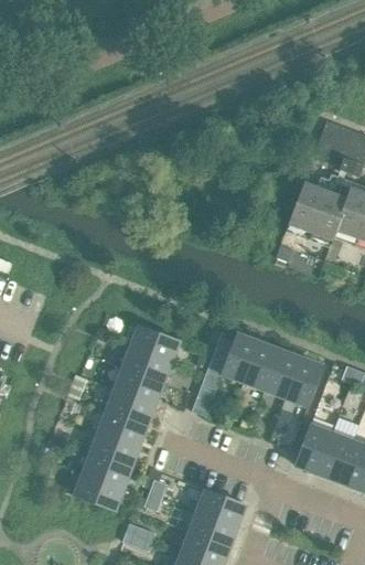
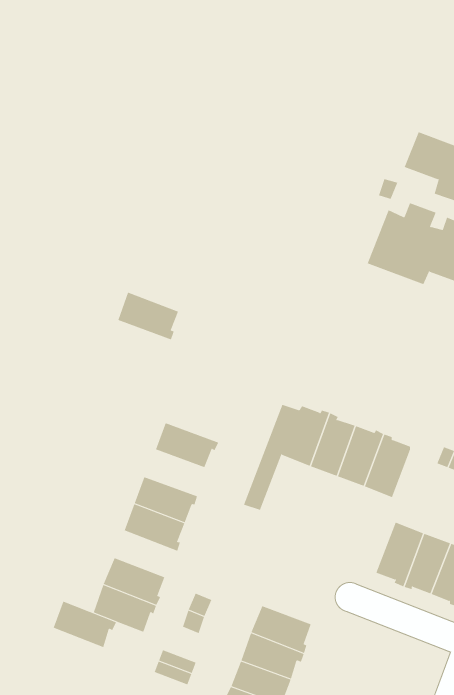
building: [131,326,179,363] -> [118,292,179,340]
building: [115,369,162,405] -> none
building: [92,431,141,468] -> [53,601,117,648]

